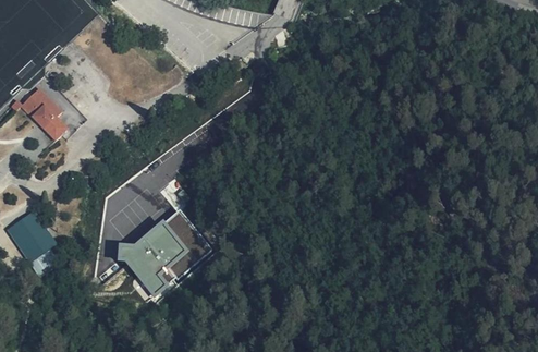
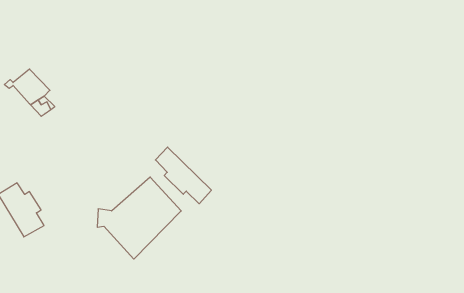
building: none -> [155,147,211,204]

